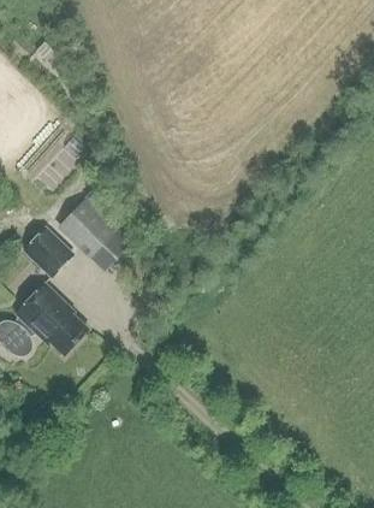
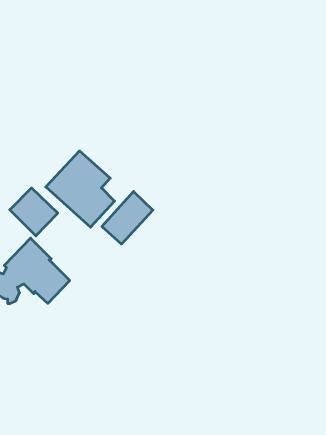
building: none -> [102,191,153,244]

